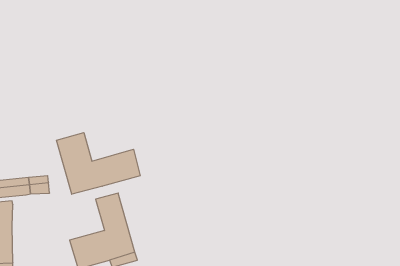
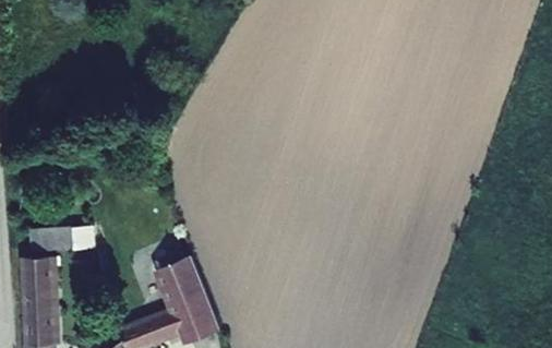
building: [57,133,140,194] -> none

